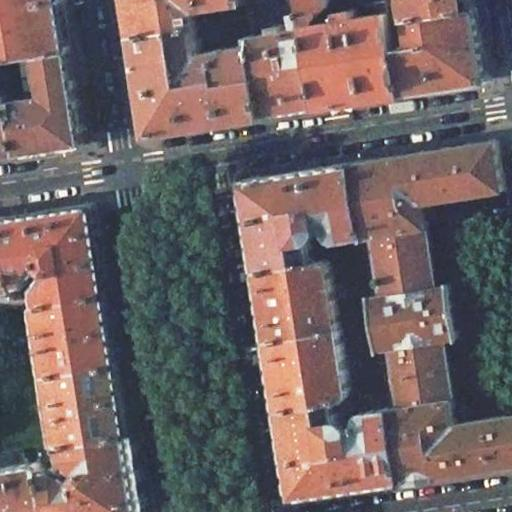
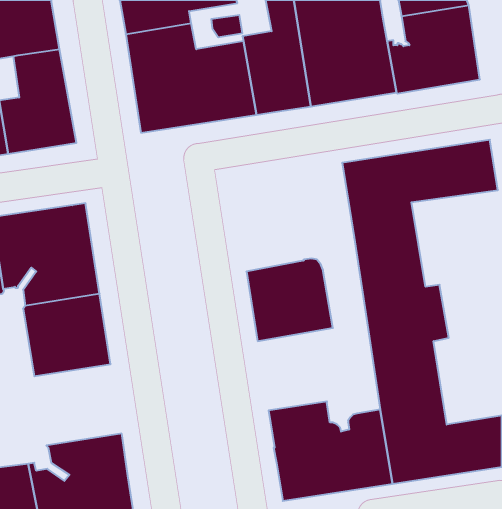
building: [231,167,352,275] -> none
building: [256,331,340,413] -> none
building: [34,367,121,448] -> none

